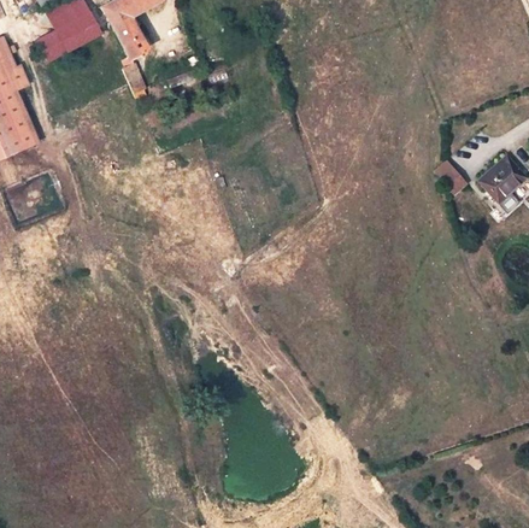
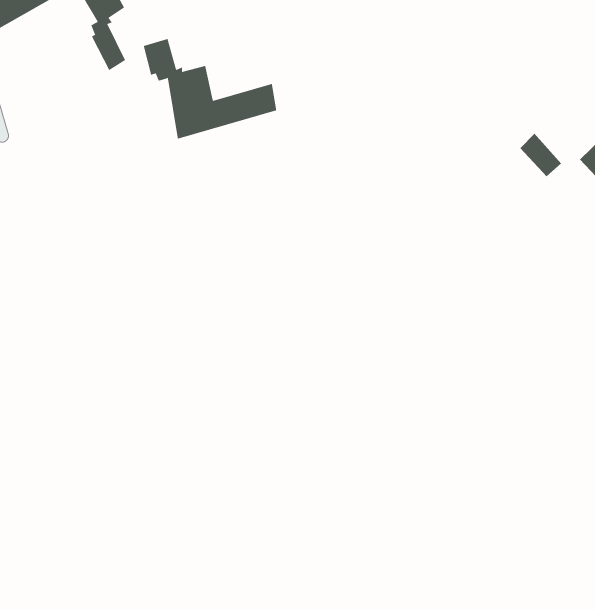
building: none -> [143,38,277,140]

